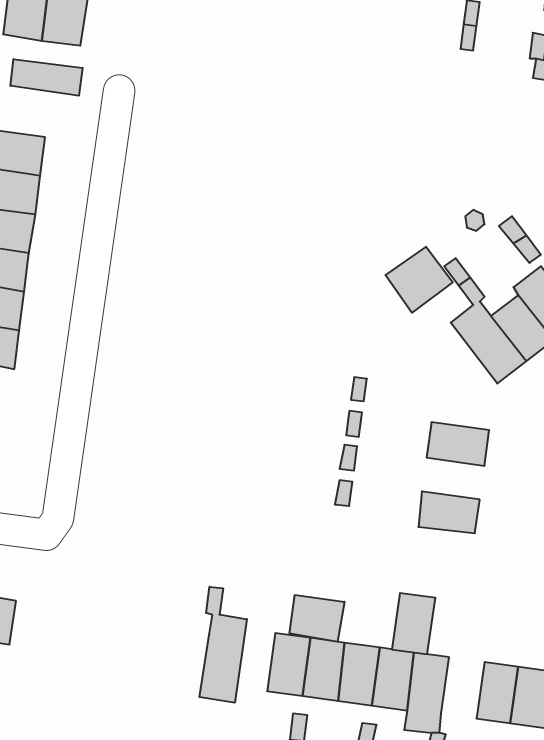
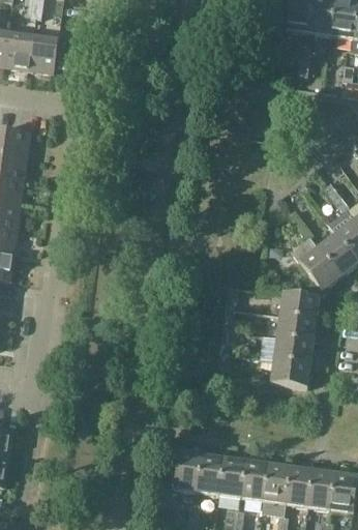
building: [10,59,83,96] -> none
building: [385,247,453,313] -> none
building: none -> [279,290,320,319]
building: none -> [273,336,314,363]
building: [199,587,247,703] -> none
building: [392,593,435,654] -> [286,465,314,504]
building: [290,595,344,642] -> none

